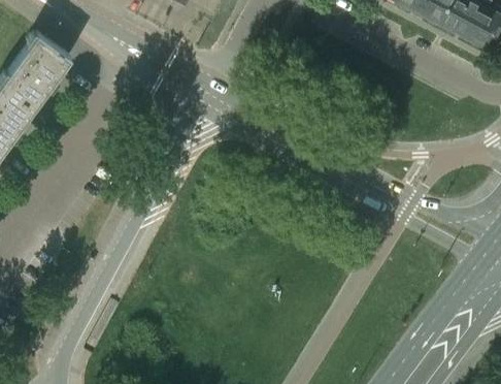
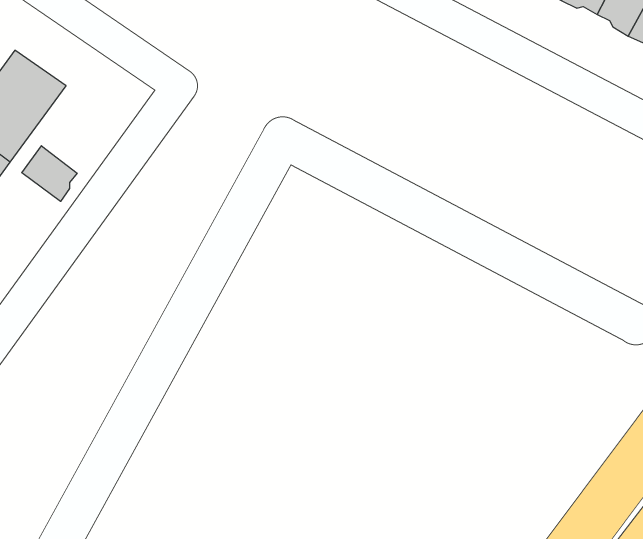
building: none -> [22,146,77,201]

